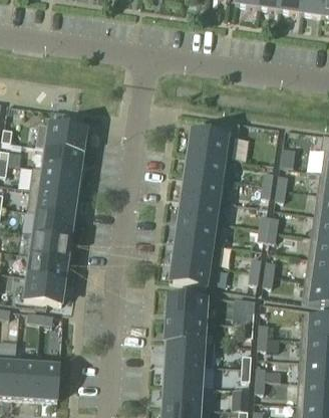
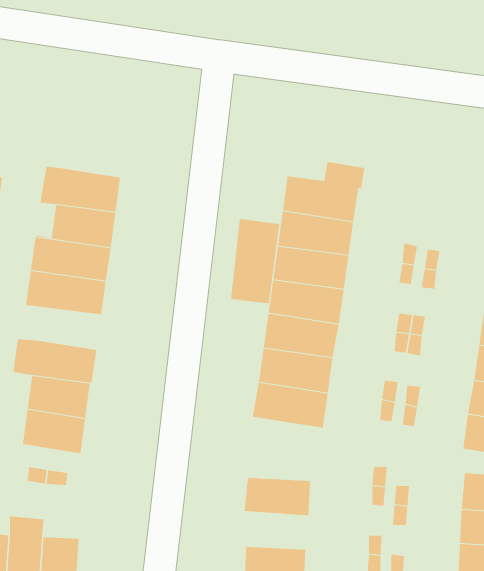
building: none -> [231,218,280,304]
building: [26,209,74,237] -> none
building: [166,294,208,320] -> none
building: [163,339,216,364] -> none

